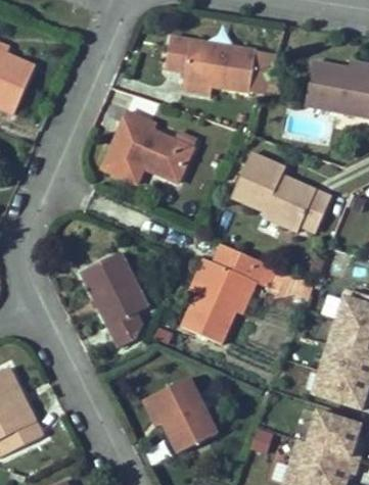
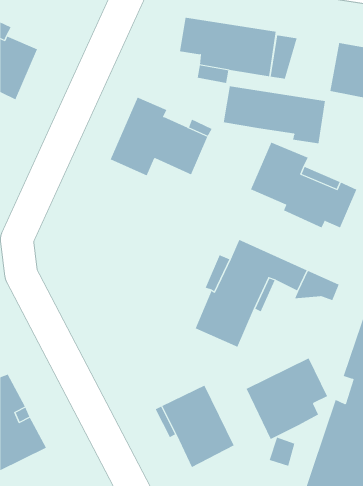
building: none -> [223,86,326,144]
building: [81,251,148,347] -> none
building: none -> [246,358,328,440]

